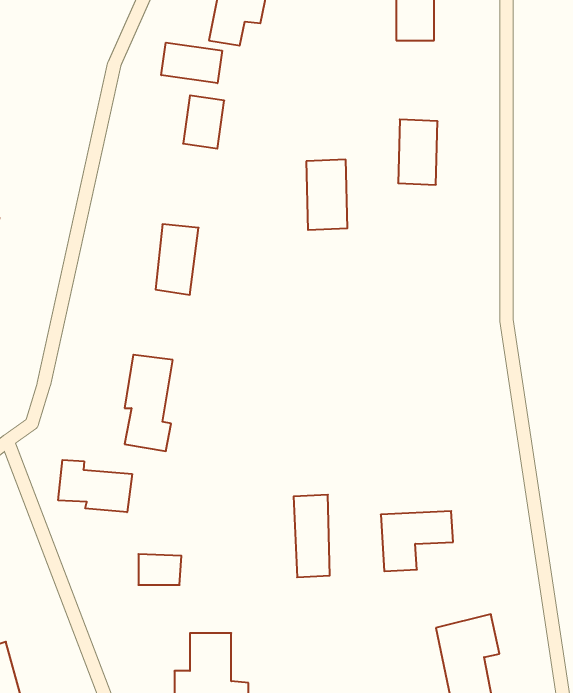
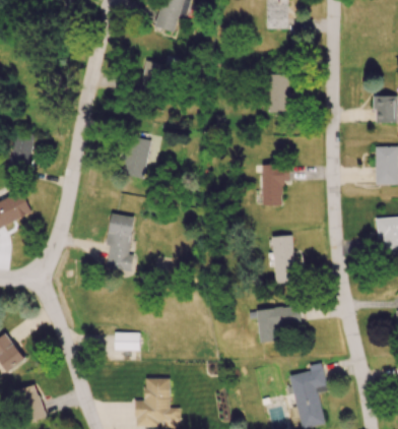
building: [161,43,222,83] -> none
building: [306,160,347,230] -> [262,164,286,205]
building: [58,460,132,512] -> none
building: [294,495,330,577] -> [273,235,294,284]

